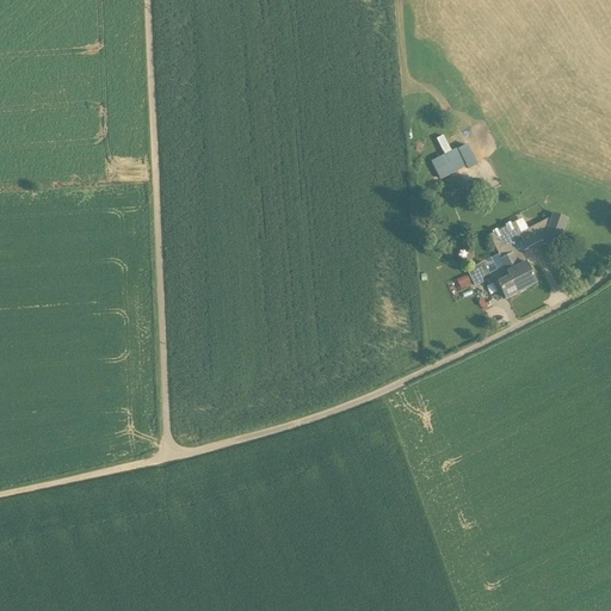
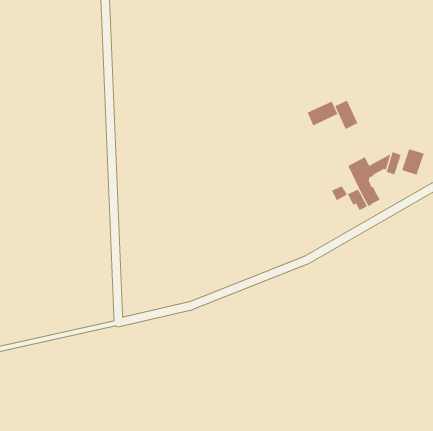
building: none -> [334,100,358,130]
building: none -> [401,148,424,175]

